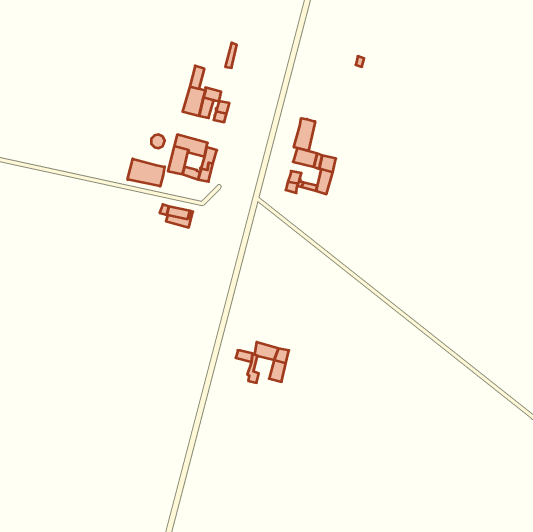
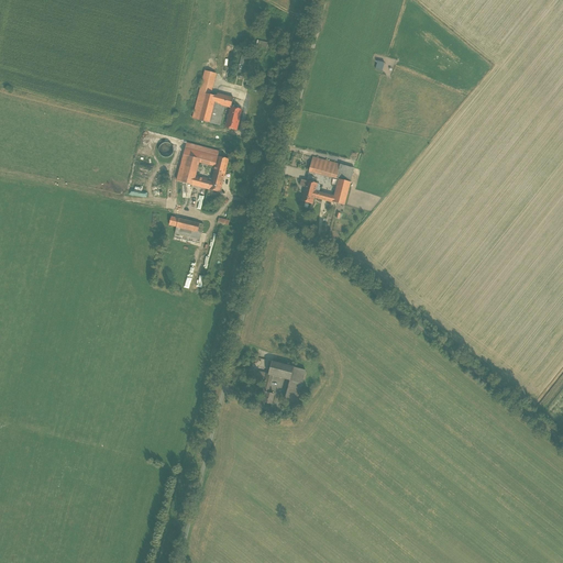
building: [294,118,315,151] -> none
building: [128,159,165,186] -> none

